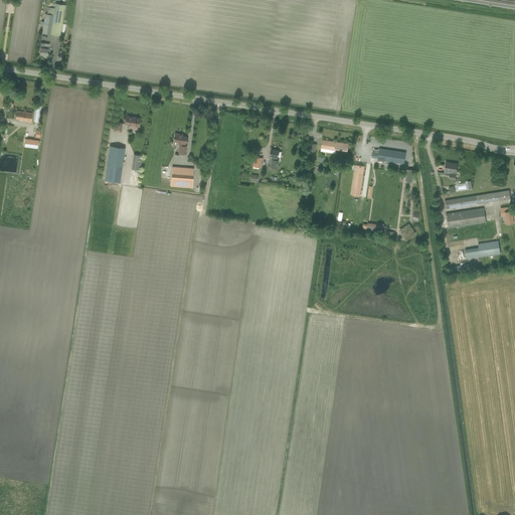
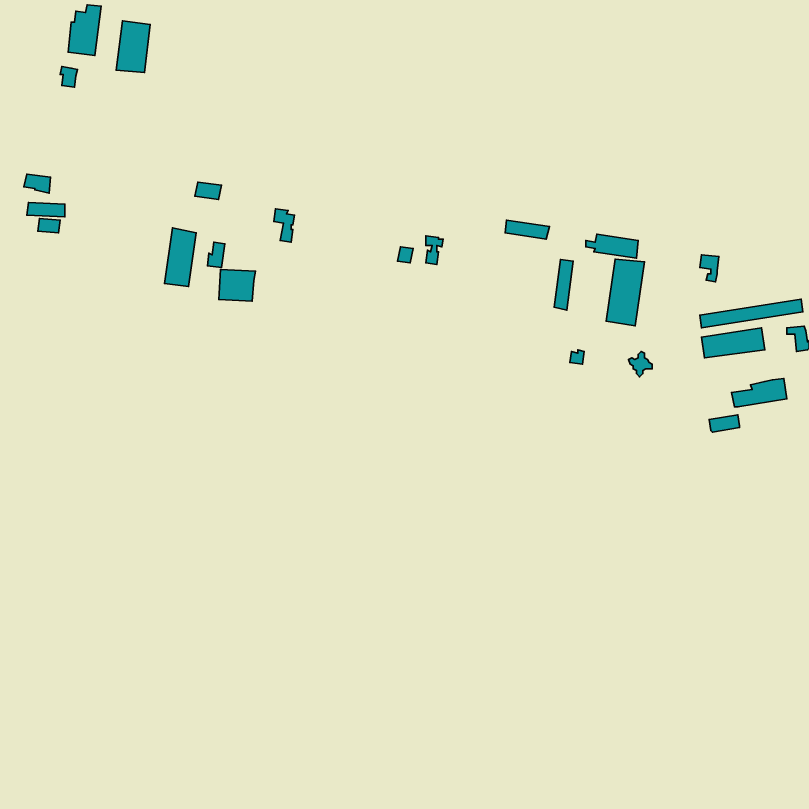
building: none -> [116,21,150,72]
building: none -> [606,259,644,326]
building: [171,167,194,187] -> [219,270,255,301]

